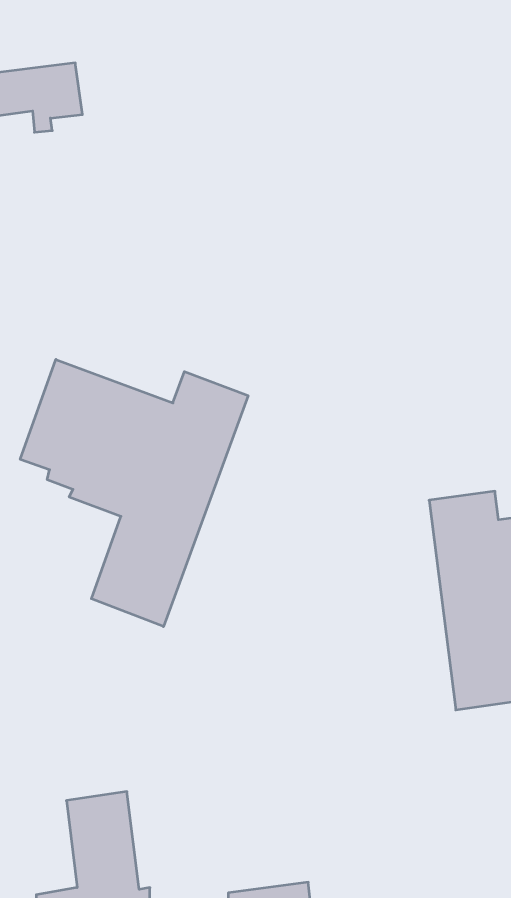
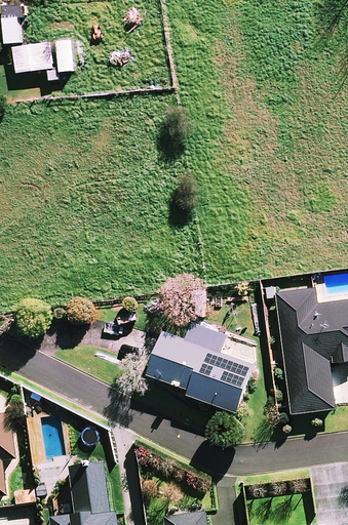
building: [20,359,248,627] -> none
building: none -> [149,322,254,411]

